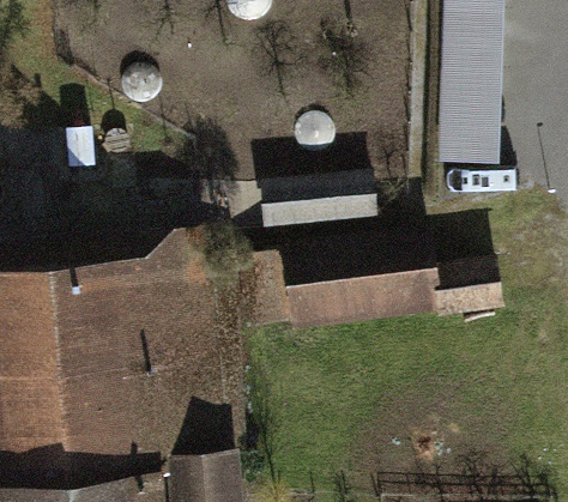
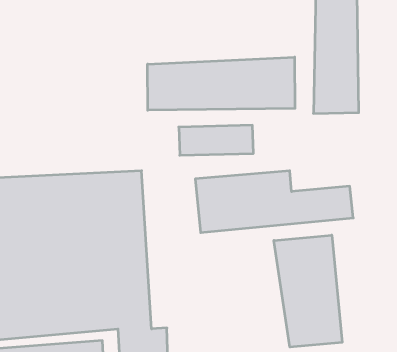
building: none -> [148,57,295,110]
building: none -> [274,235,342,347]

